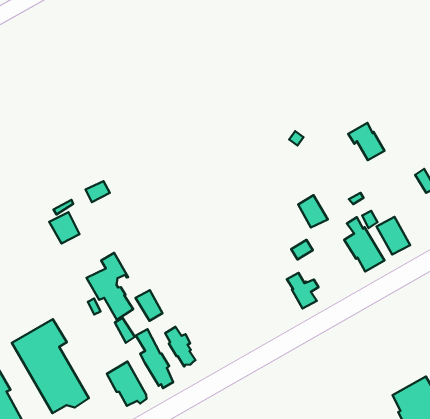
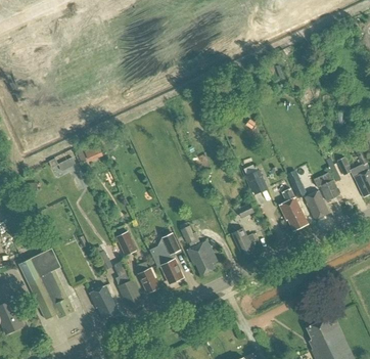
building: [348,123,385,160] -> [313,172,339,200]
building: [87,253,133,320] -> [149,232,183,283]
building: none -> [182,225,218,274]

